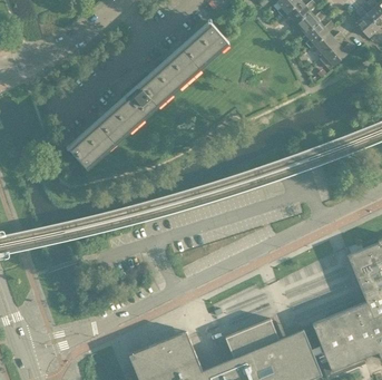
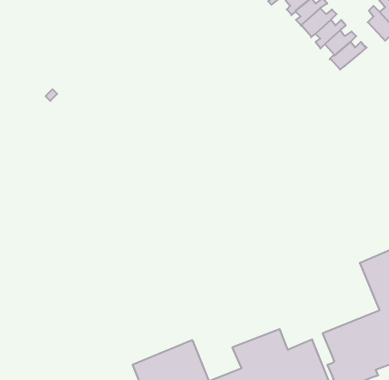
building: [69,22,227,166] -> none

